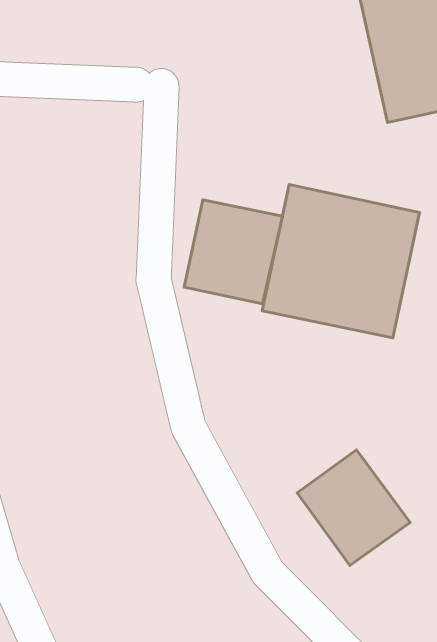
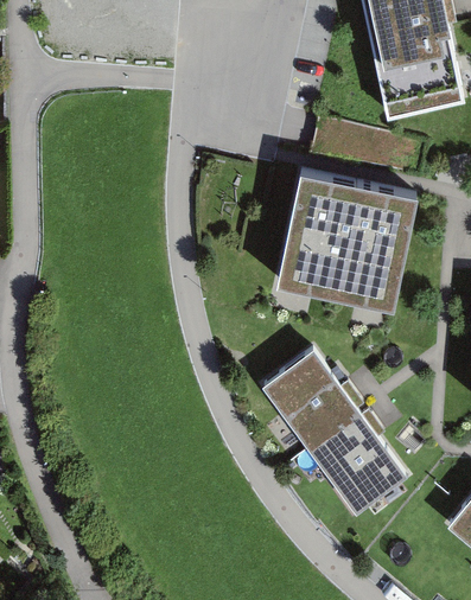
building: [184,200,282,304] -> none
building: none -> [262,343,361,445]

